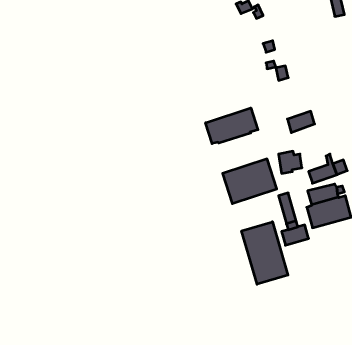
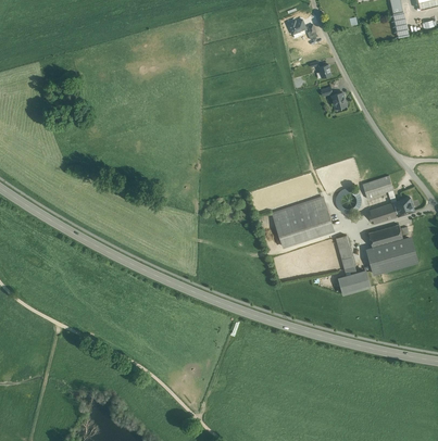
building: [206,108,258,144] -> none
building: [287,111,315,133] -> [363,175,393,199]
building: [242,222,288,284] -> none

